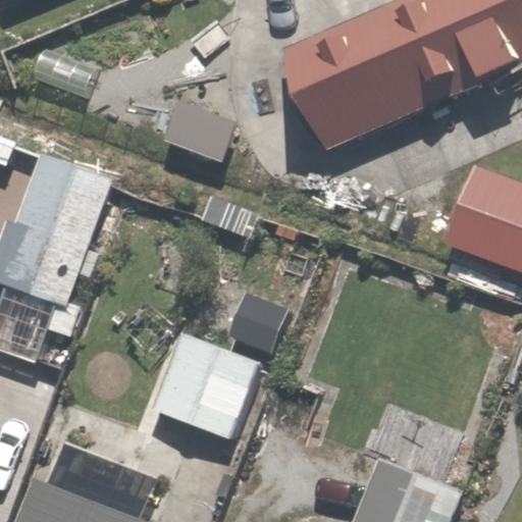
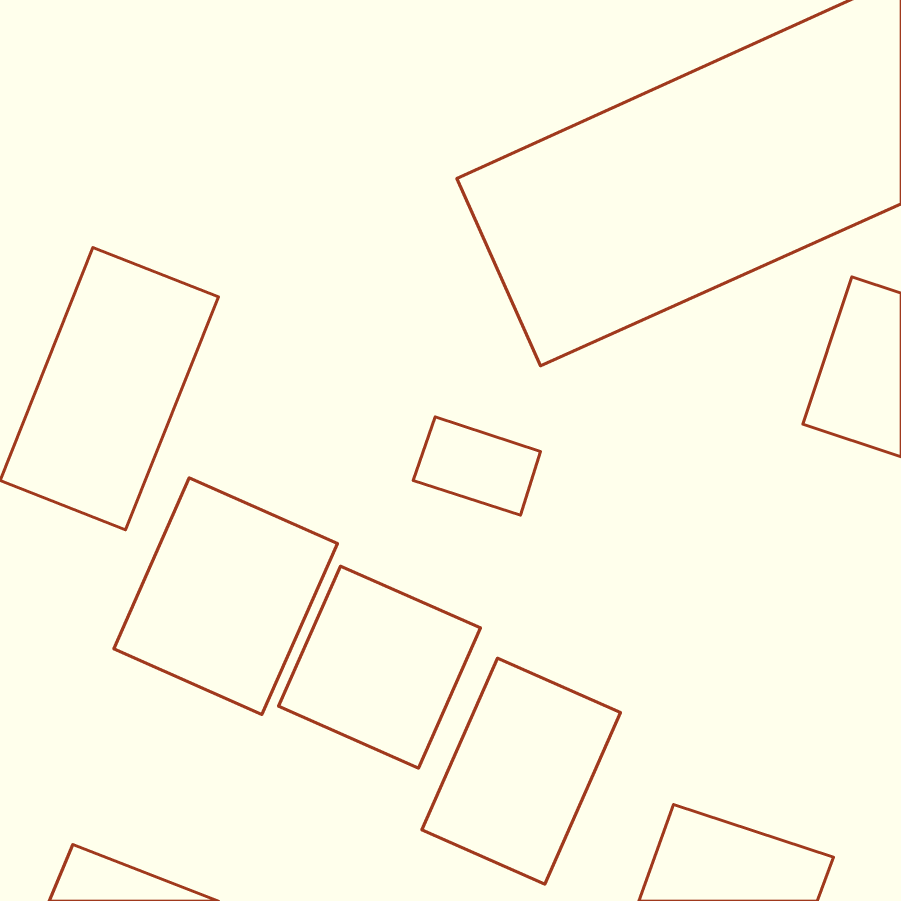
building: none -> [114,478,337,714]
building: none -> [422,658,621,884]

